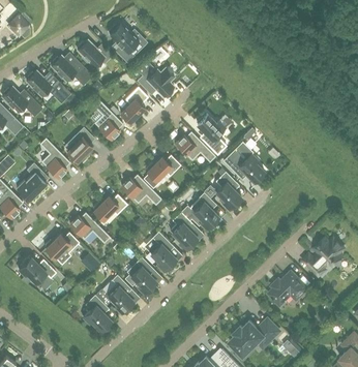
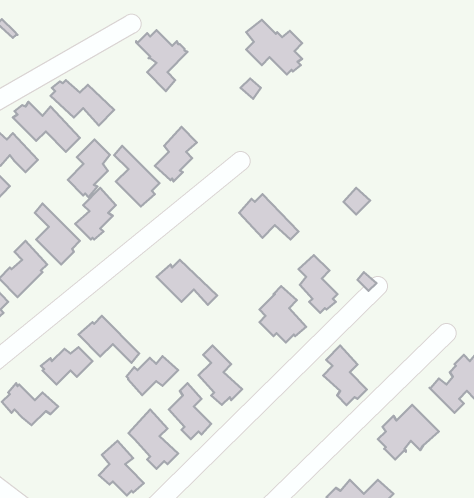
building: [78,40,113,67] -> none
building: [137,61,174,97] -> [246,20,302,74]
building: none -> [68,139,110,197]
building: [197,115,225,151] -> none
building: [230,154,264,183] -> none
building: [144,155,180,187] -> none
building: [93,194,127,220] -> [127,356,178,395]
building: [170,211,199,250] -> [323,346,367,405]

